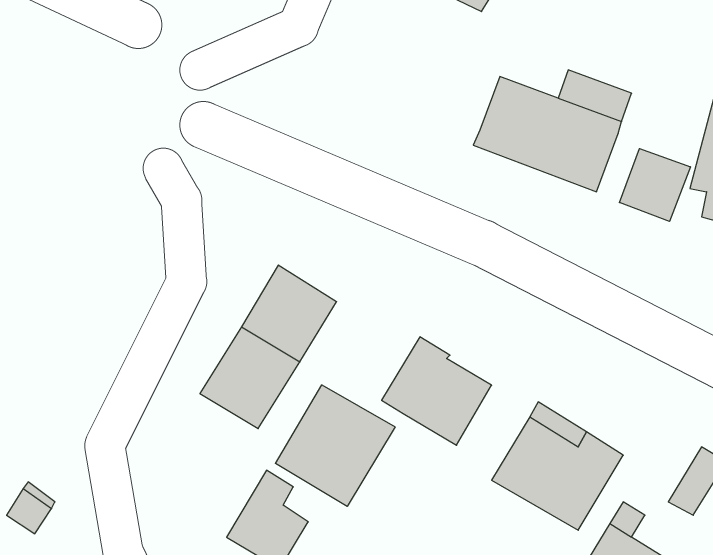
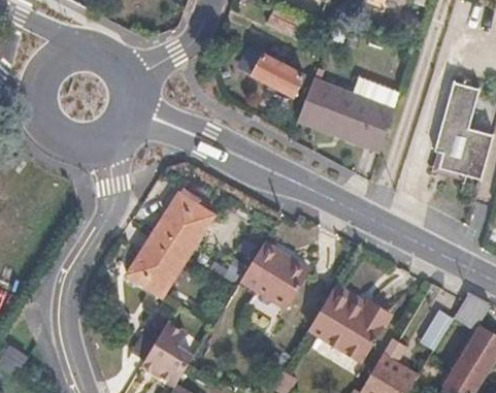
building: none -> [256,55,300,92]
building: [619,149,690,221] -> none
building: [275,385,395,506] -> none

